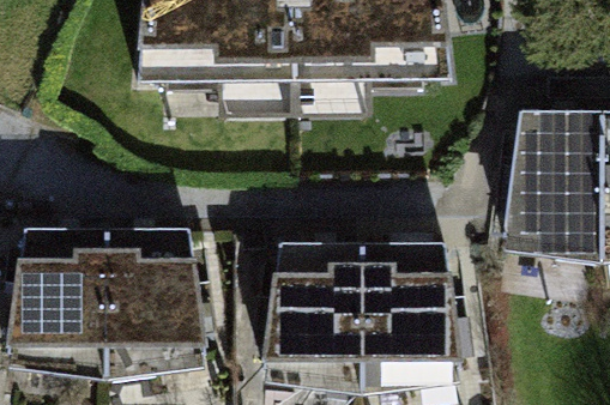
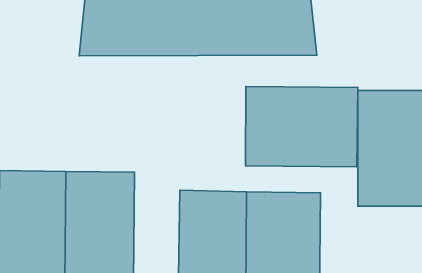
building: none -> [246,87,358,167]

